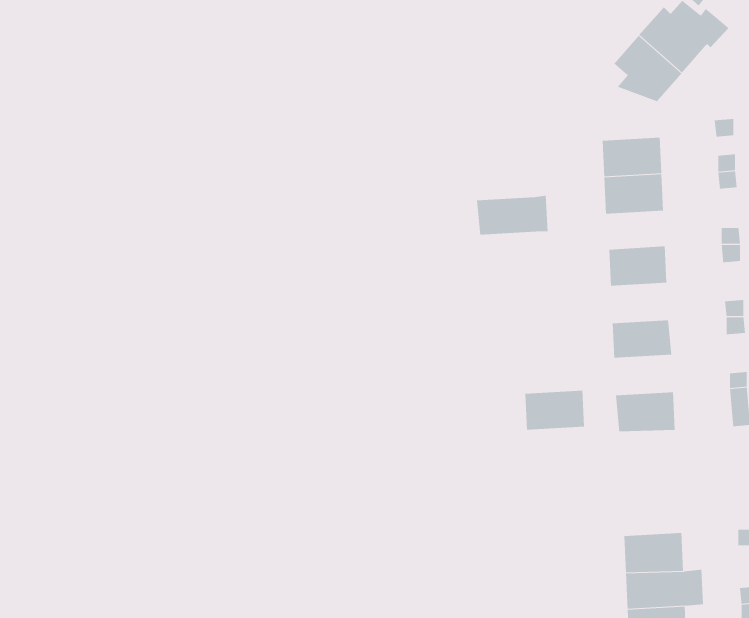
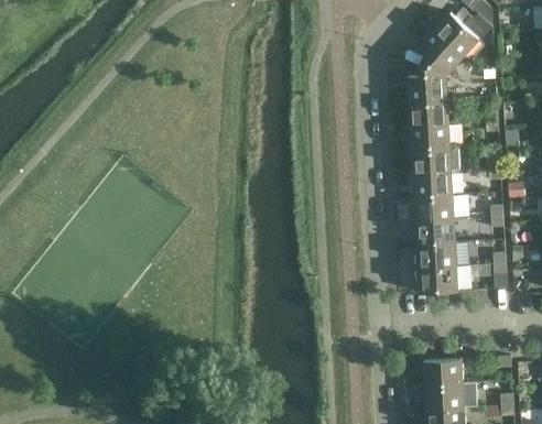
building: none -> [409,65,448,100]
building: [476,195,548,235] -> [412,145,459,172]
building: none -> [415,194,454,220]
building: [524,390,585,430] -> [418,241,457,268]

